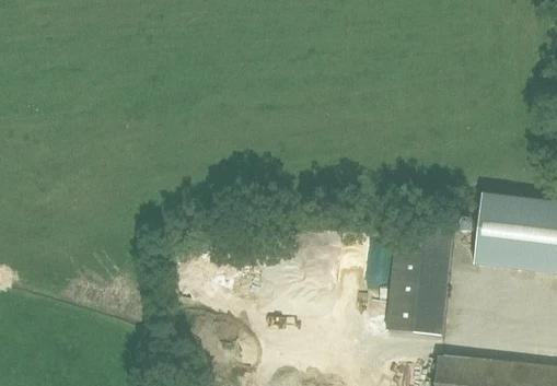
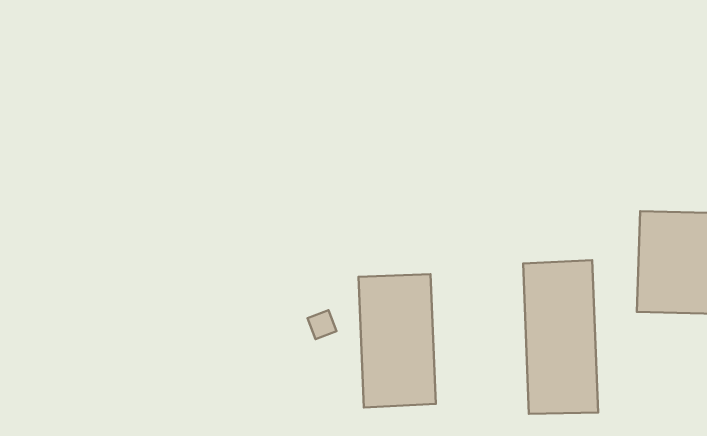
building: none -> [359,274,436,408]

